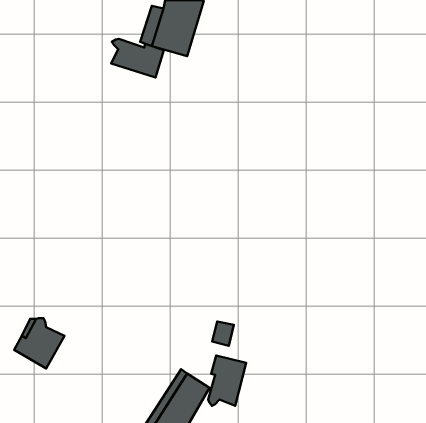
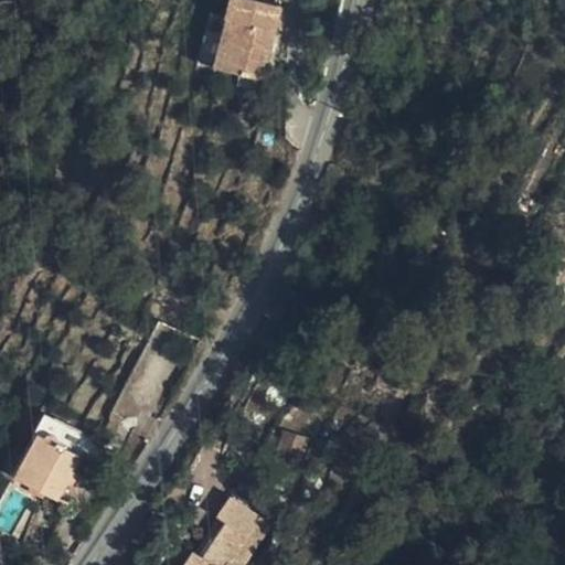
building: [111,39,164,78] -> none
building: [208,355,246,406] -> none

